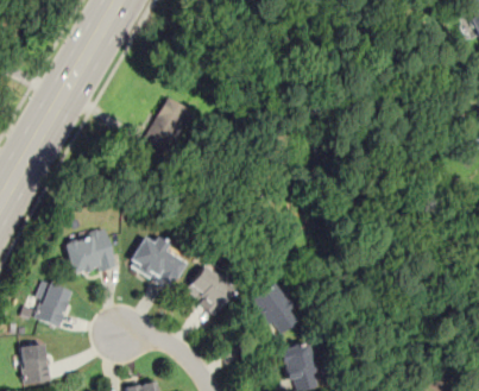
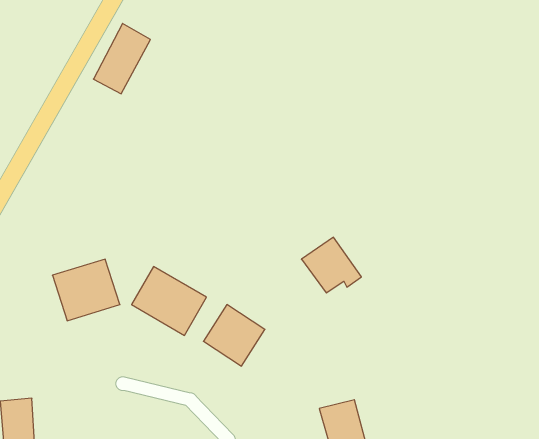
building: [144,95,190,152] -> [93,23,150,94]
building: [33,282,71,326] -> none
building: [250,285,298,330] -> [301,237,361,293]

